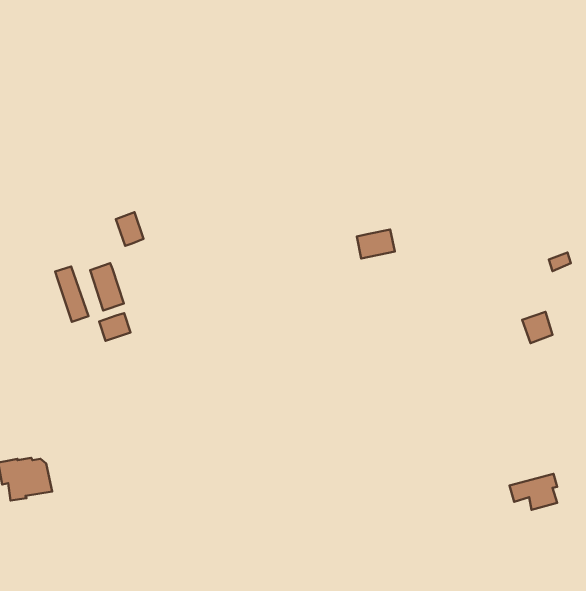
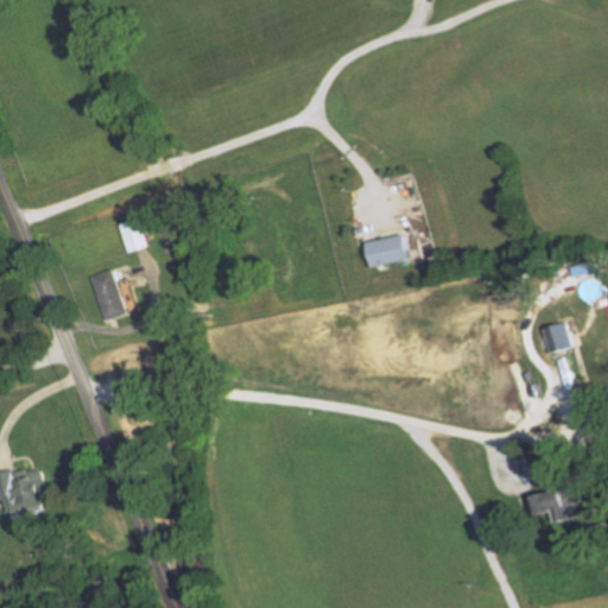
building: [55,267,88,322] -> none
building: [99,313,131,341] -> none

